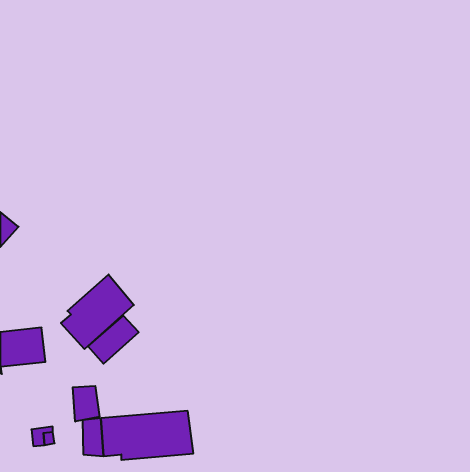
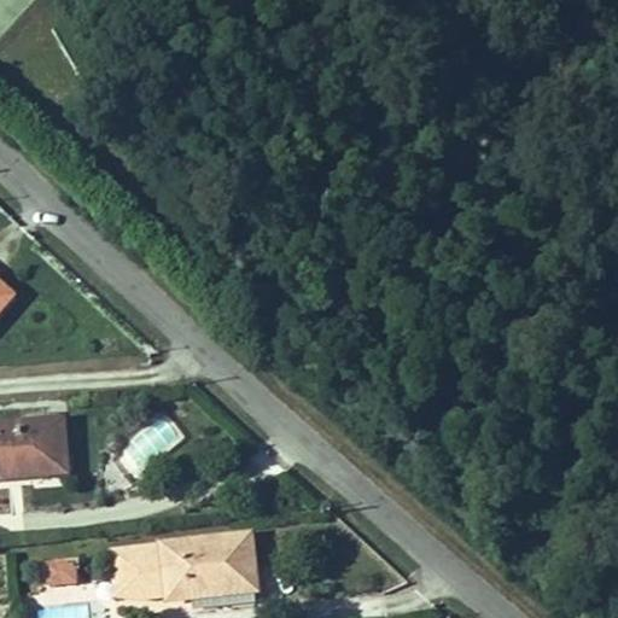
building: [61,274,134,349] -> none
building: [73,386,99,422] -> none

